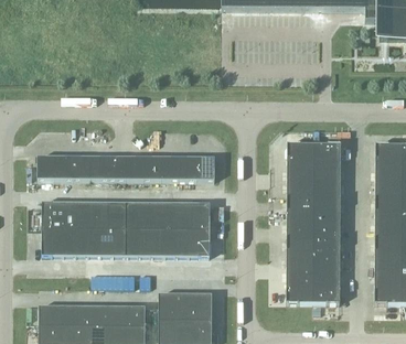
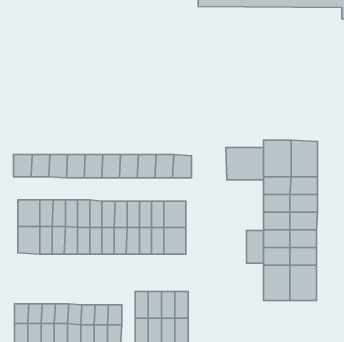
building: none -> [226,148,263,180]
building: none -> [247,231,263,263]

